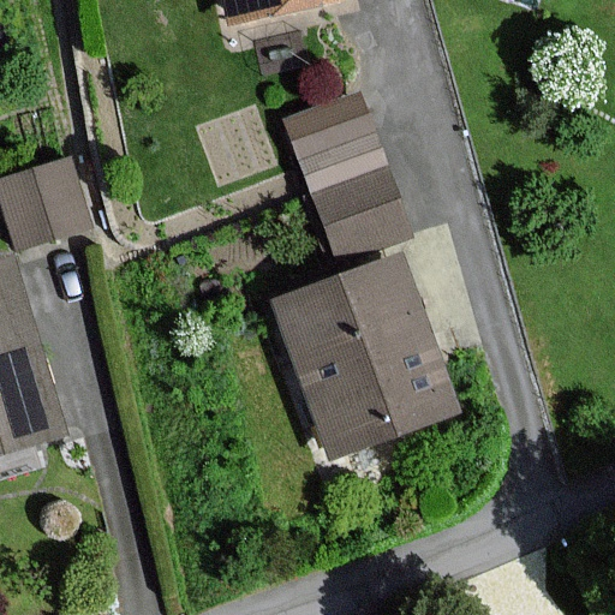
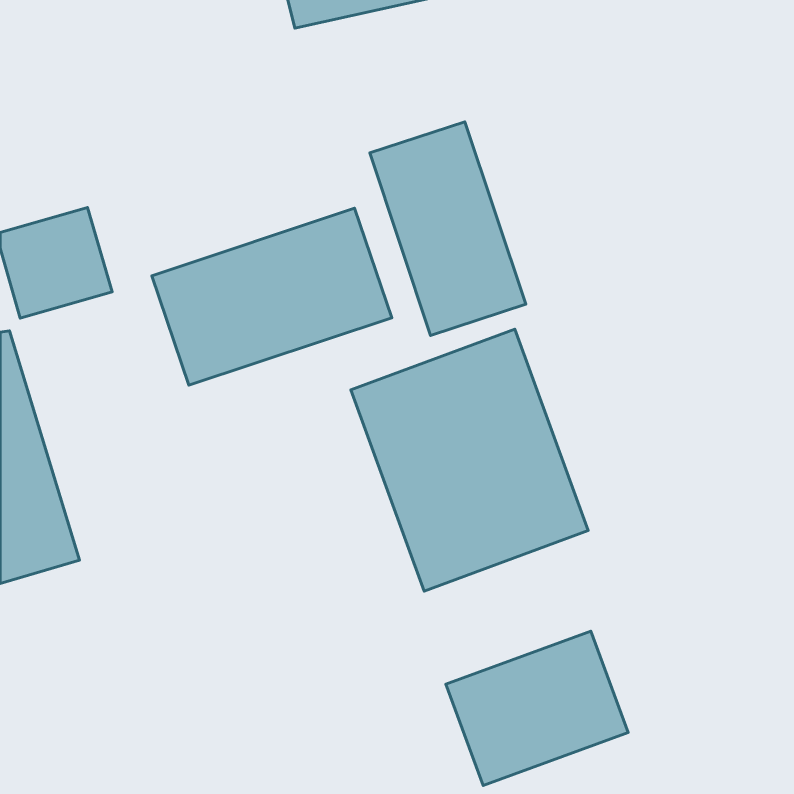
building: none -> [152,208,392,385]
building: none -> [446,631,628,785]

